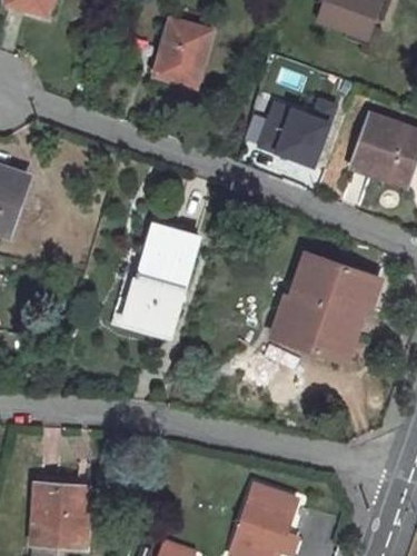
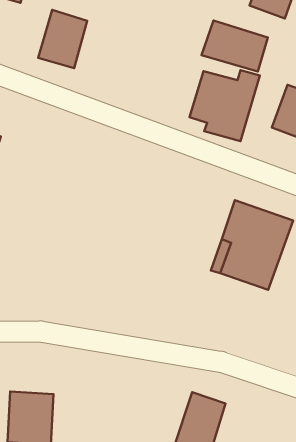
building: [153,18,212,88] -> [38,10,87,68]
building: none -> [202,21,268,71]
building: [125,225,199,334] -> none

